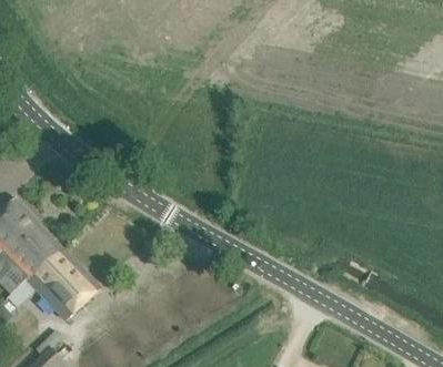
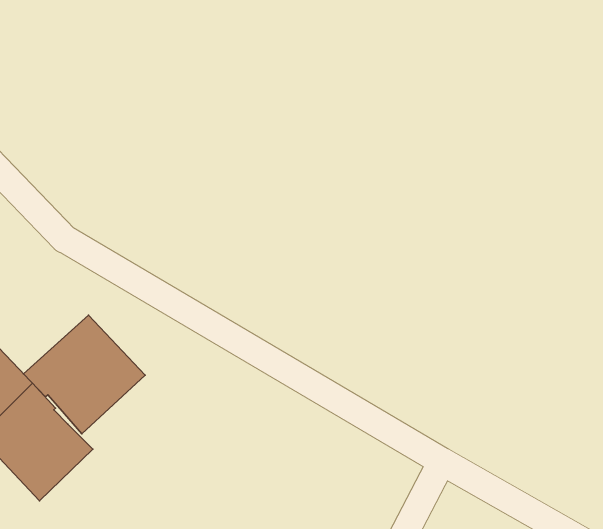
building: none -> [24,315,145,434]

